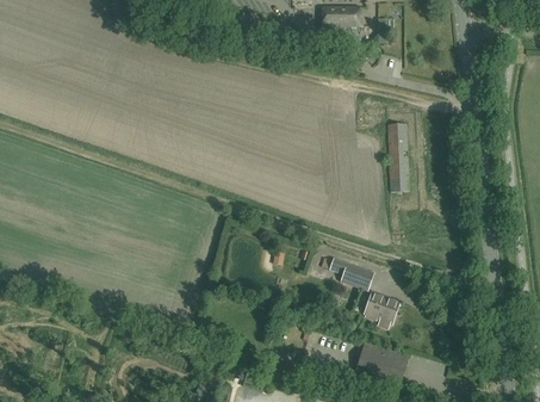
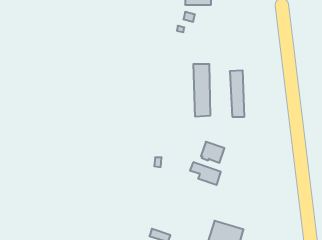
building: none -> [193,64,210,117]
building: [364,292,398,323] -> [201,142,224,163]

